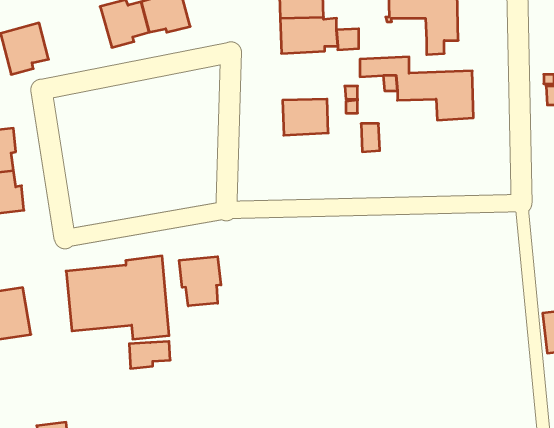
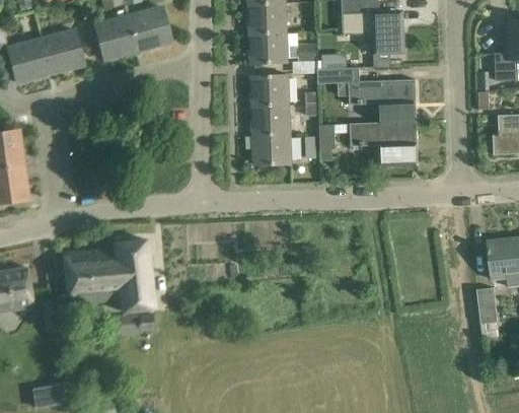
building: none -> [41,28,84,69]
building: none -> [250,74,290,105]
building: none -> [351,120,419,167]
building: none -> [252,133,292,164]
building: [179,257,221,306] -> none

